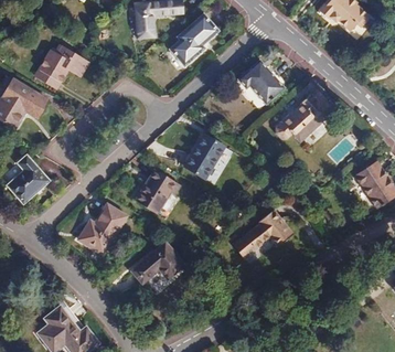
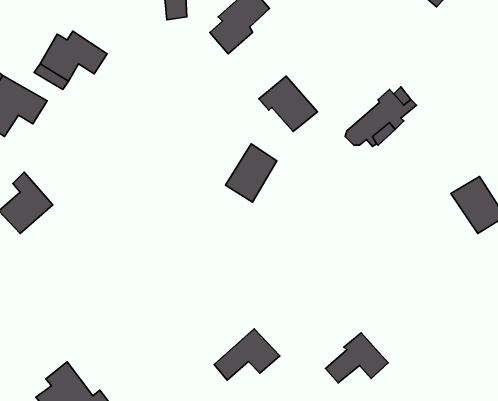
building: [241,61,286,104] -> [259,76,317,132]
building: [134,170,178,214] -> none
building: [76,204,122,254] -> none
building: [244,212,292,250] -> [325,333,388,383]
building: [130,244,181,284] -> [214,329,280,380]

